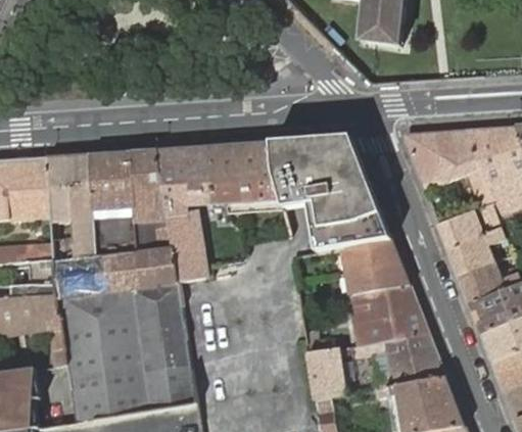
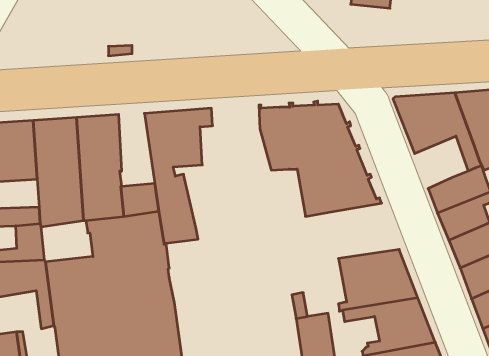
building: [212,142,283,207] -> none
building: [132,150,168,223] -> none
building: [340,239,410,295] -> none
building: [55,256,106,297] -> none

